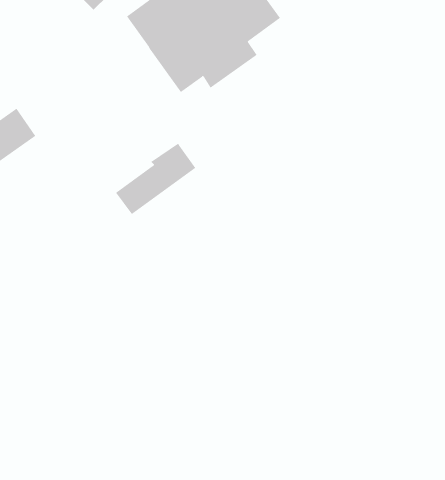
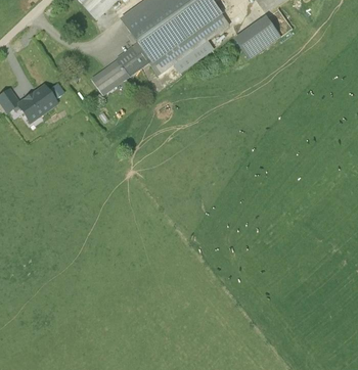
building: none -> [236,14,280,55]
building: [115,143,196,215] -> [92,42,148,92]

